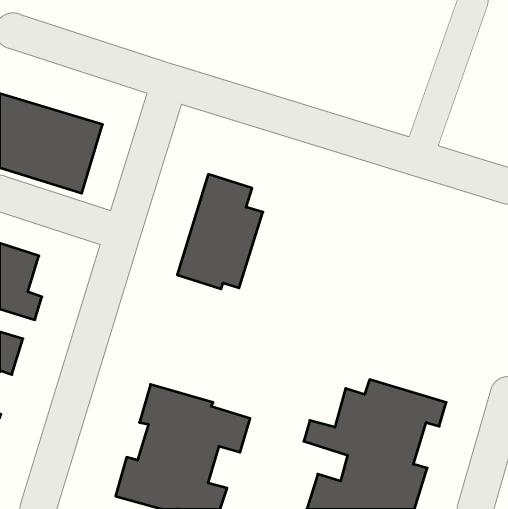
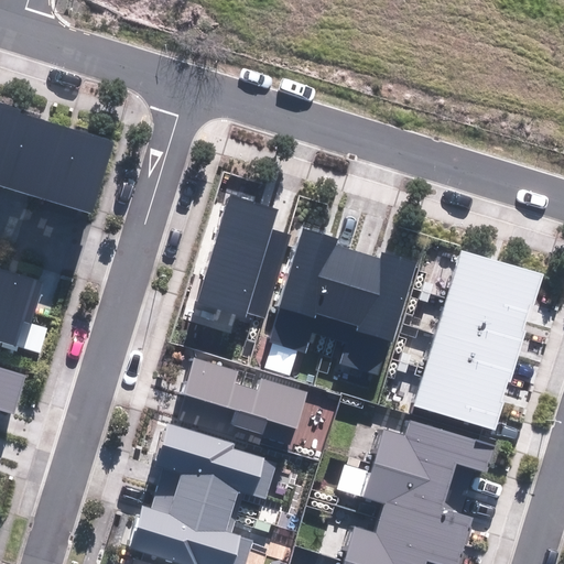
building: none -> [270,230,413,375]
building: none -> [413,250,543,431]
building: none -> [182,359,307,435]

